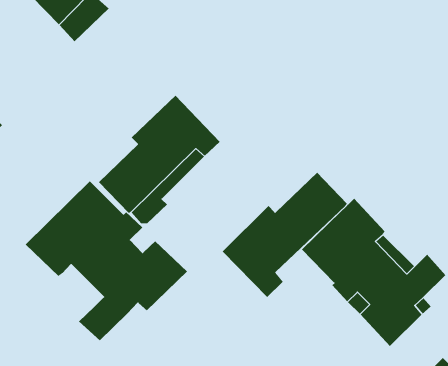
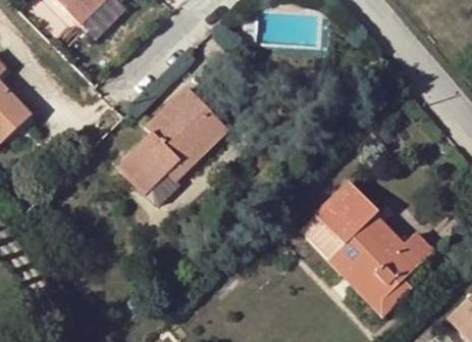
building: [222,172,347,298] -> none
building: [25,181,188,341] -> none

